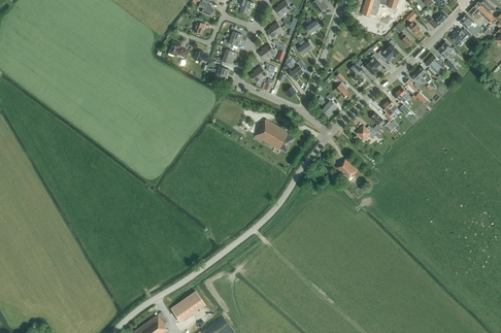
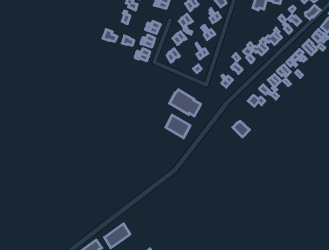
building: none -> [166,115,190,138]

